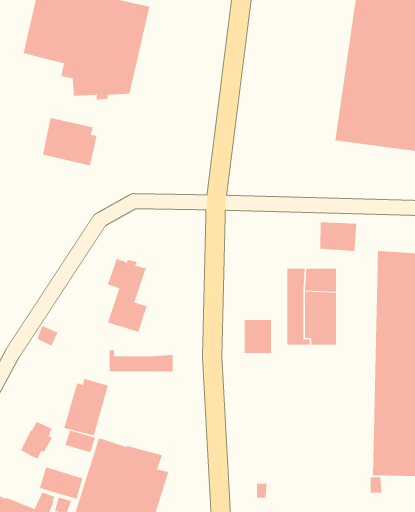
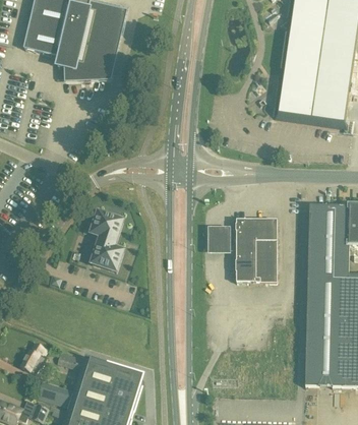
building: [43,117,97,166] -> none
building: [320,222,357,252] -> none
building: [244,320,272,354] -> [207,225,230,252]
building: [109,350,173,372] -> none
building: [64,378,109,436] -> none

